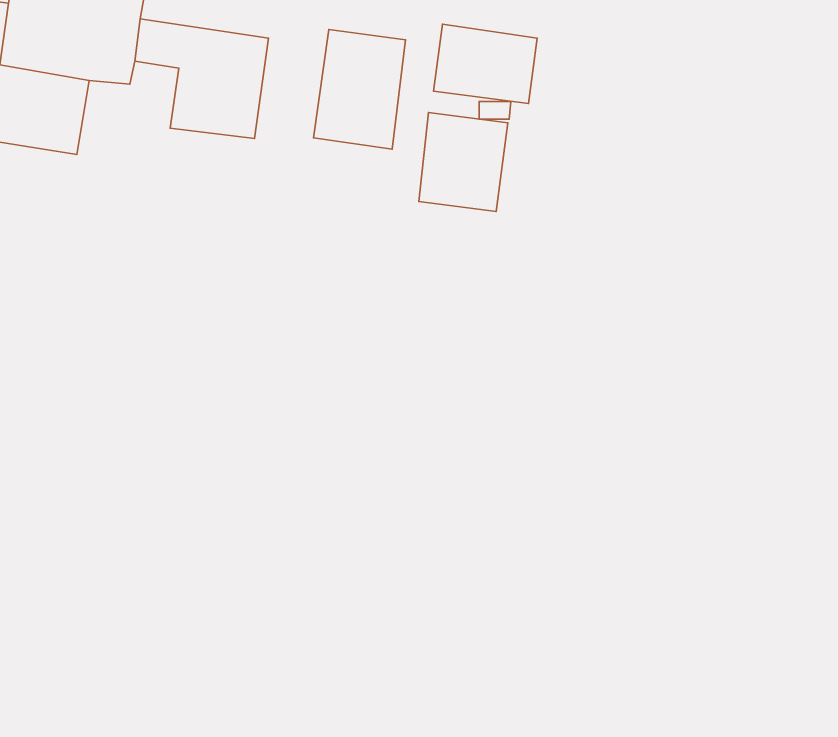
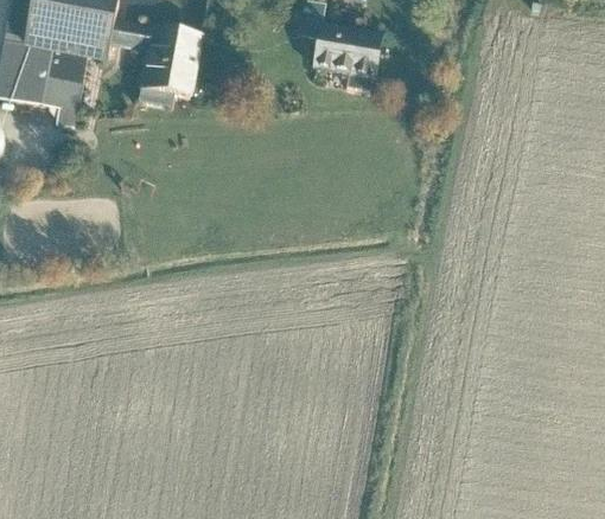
building: [313,29,406,149] -> none
building: [419,113,508,211] -> none

